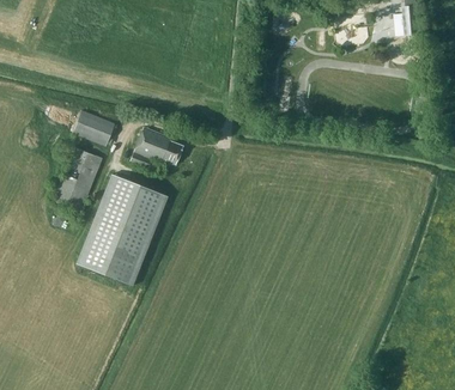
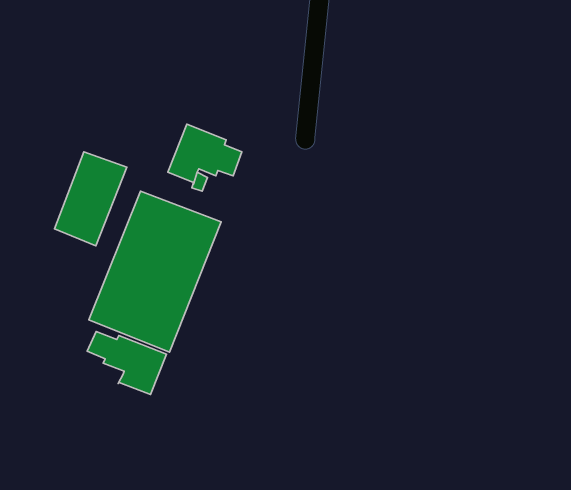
building: [71,109,114,146] -> none
building: none -> [87,331,166,395]

